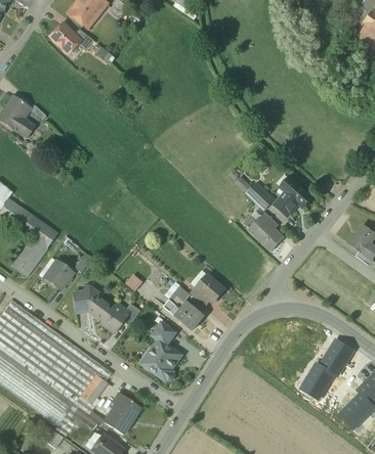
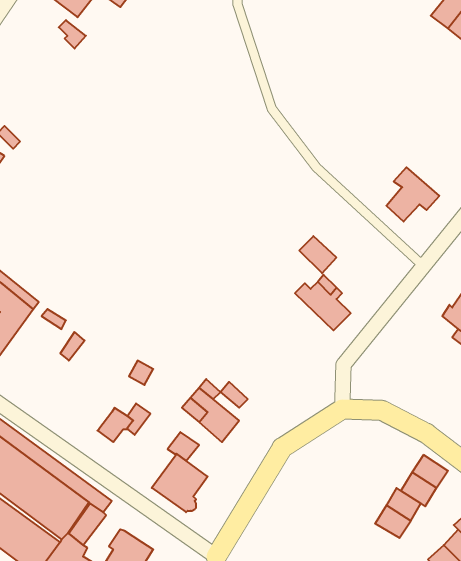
building: [50,22,80,52] -> none
building: [274,176,311,215] -> [386,167,439,222]
building: [44,259,73,288] -> none
building: [196,273,223,302] -> none
building: [74,291,112,320] -> none

